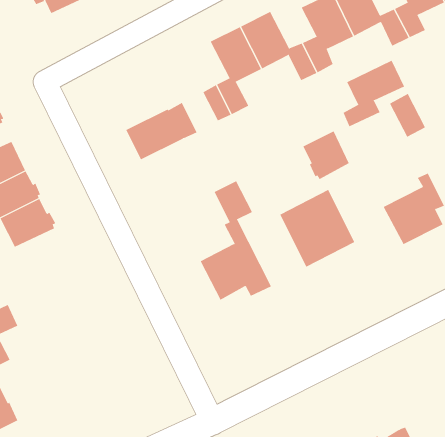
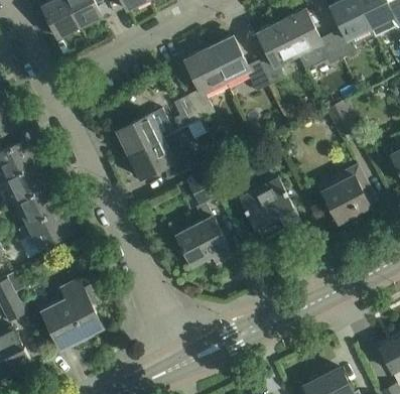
building: [343,60,405,127] -> none
building: [303,131,350,180] -> none
building: none -> [128,137,191,178]
building: none -> [27,209,71,247]
building: none -> [41,280,102,348]

